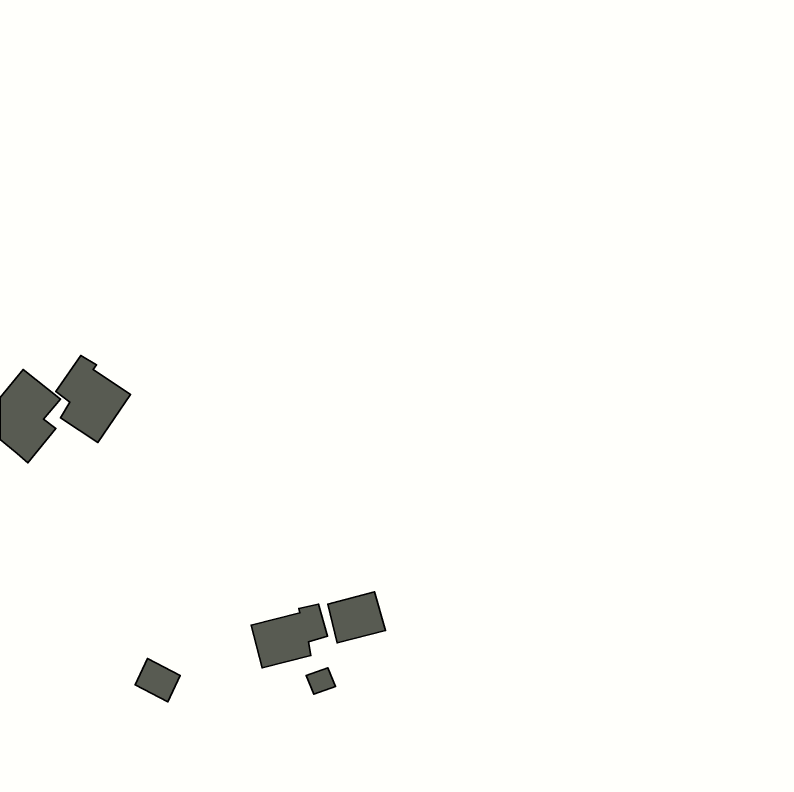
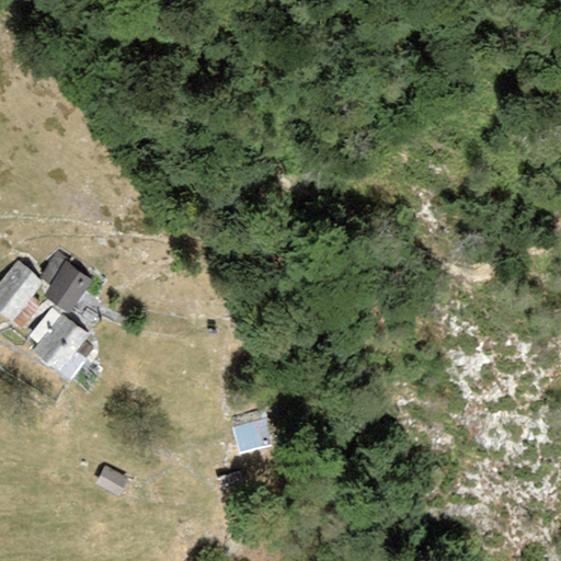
building: none -> [28,308,93,379]
building: [251,604,327,668] -> none

